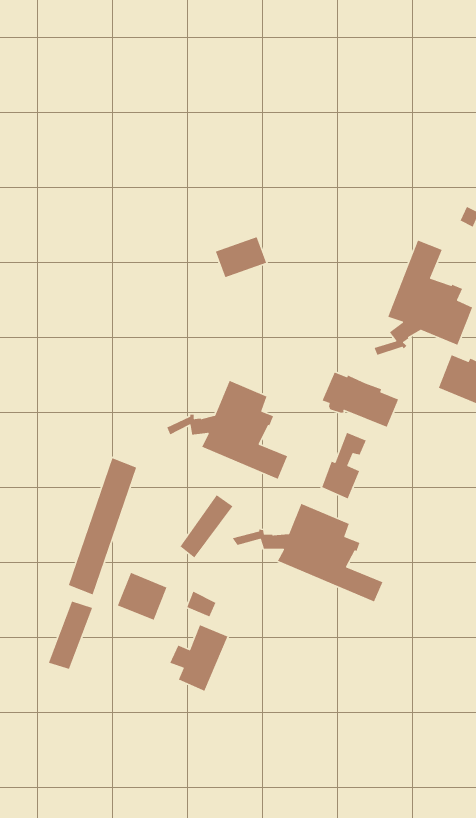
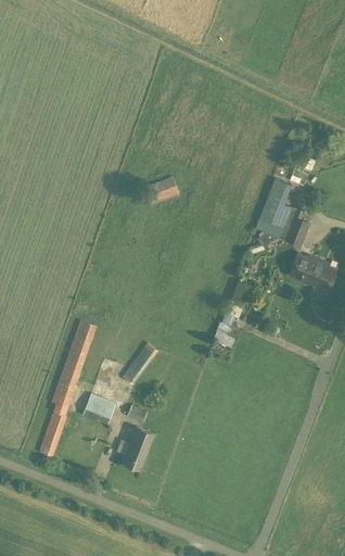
building: [321,371,399,428] -> none
building: [166,380,288,480] -> none
building: [232,503,383,602] -> none

